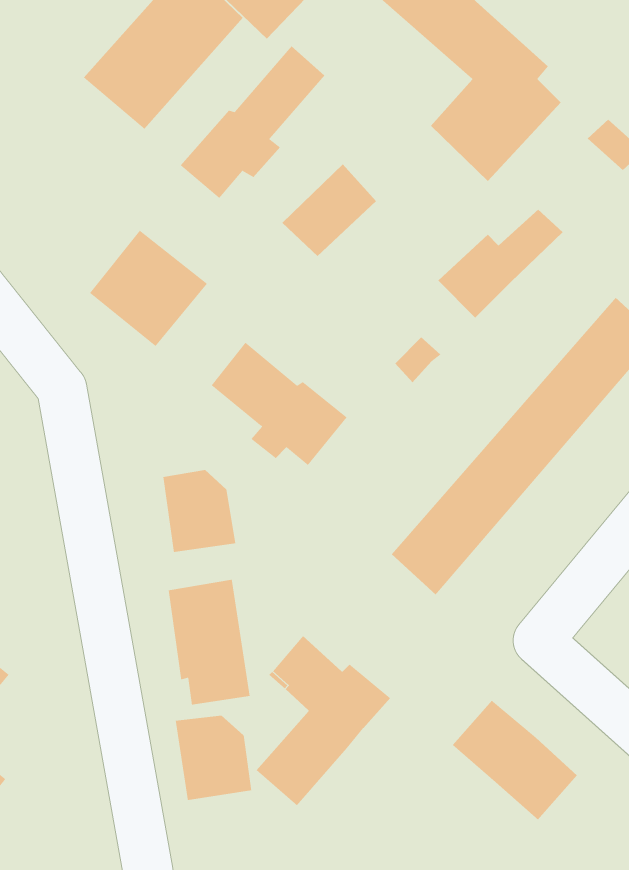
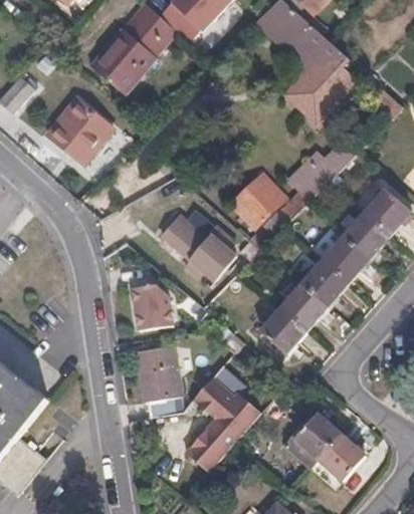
building: [180,46,325,199] -> none
building: [282,163,377,257] -> [228,172,281,224]
building: [89,230,208,347] -> [46,98,113,164]
building: [175,715,252,801] -> none

